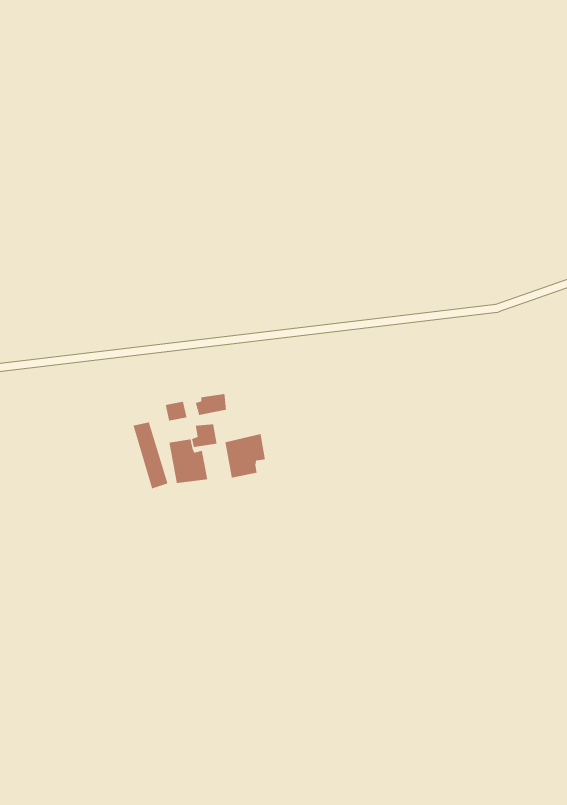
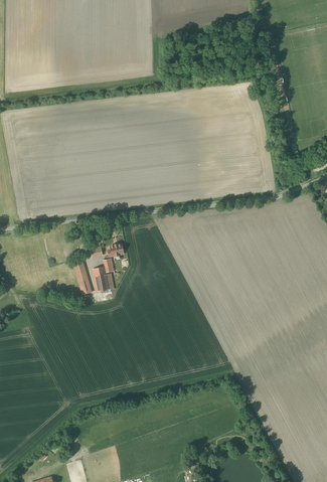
building: [225,433,266,478] -> none

